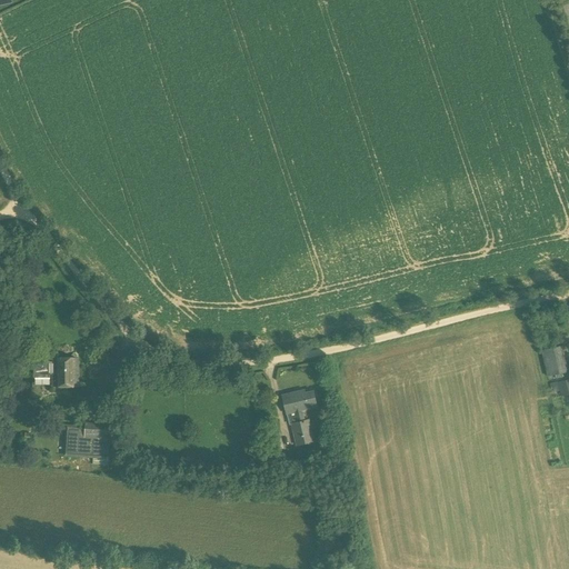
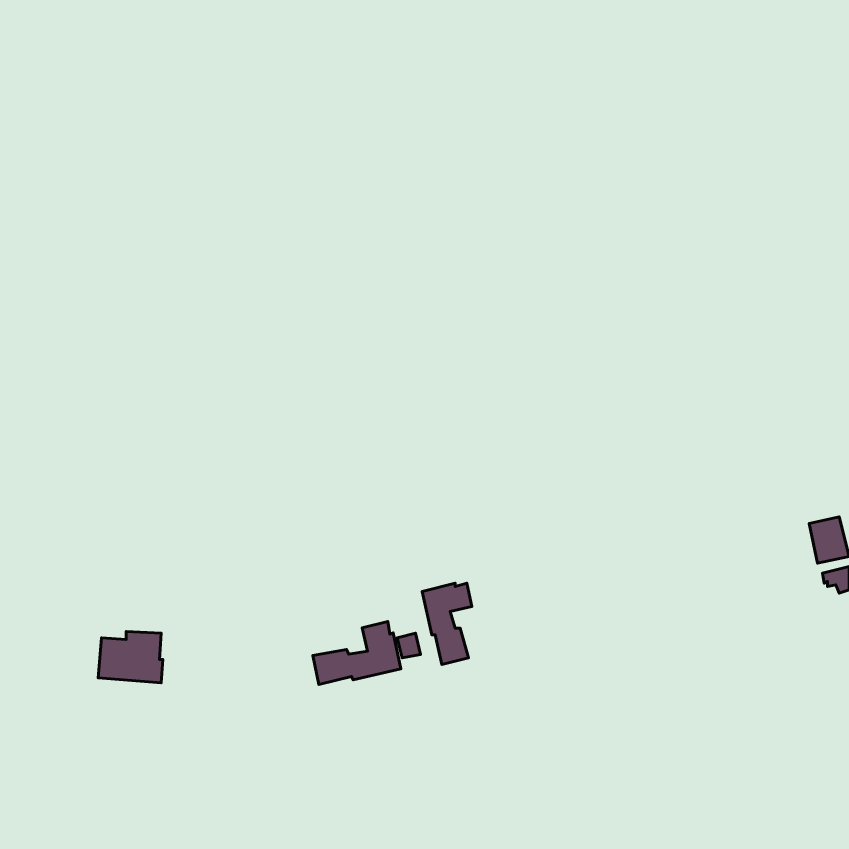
building: [33,358,79,386] -> none
building: none -> [313,622,401,684]

